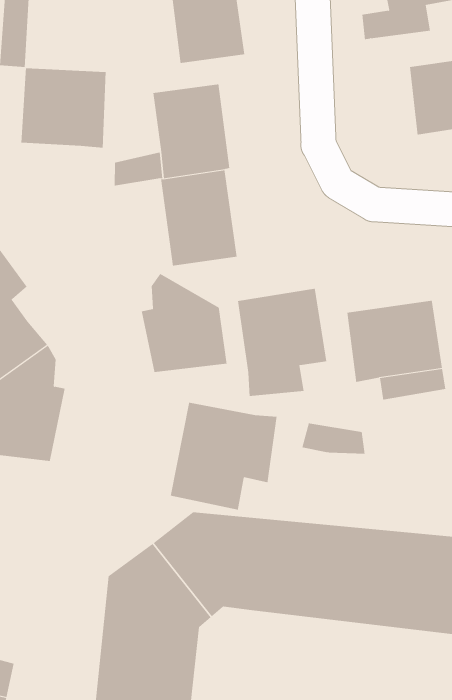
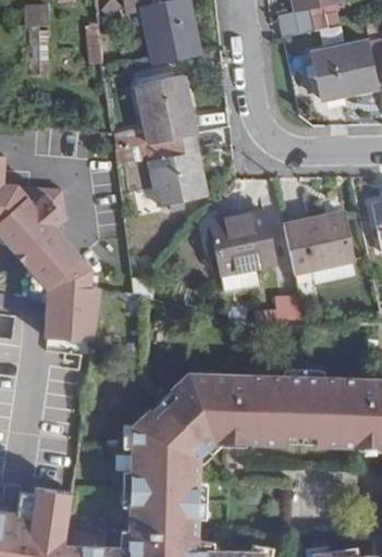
building: [21,68,106,149] -> none
building: [141,273,227,373] -> none
building: [170,402,277,511] -> none

